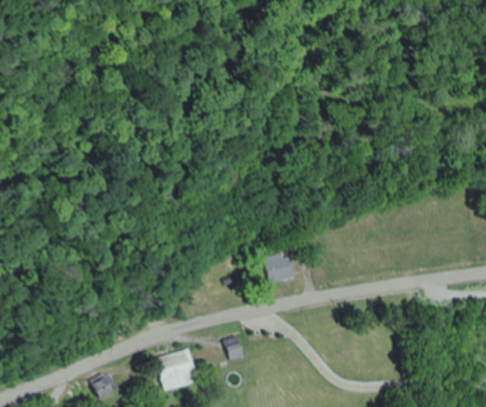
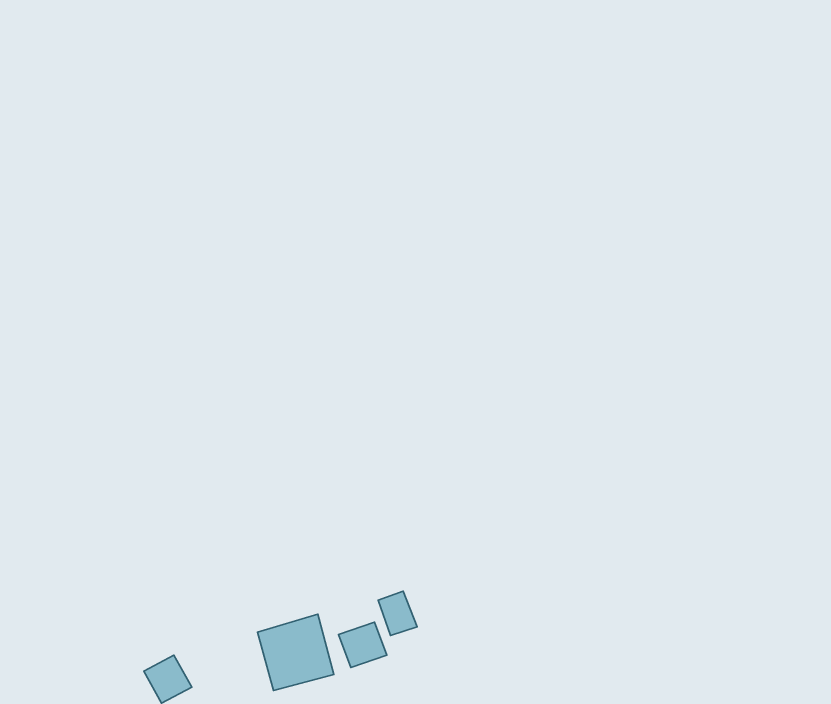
building: [262,250,297,285] -> none
building: none -> [339,622,387,668]

